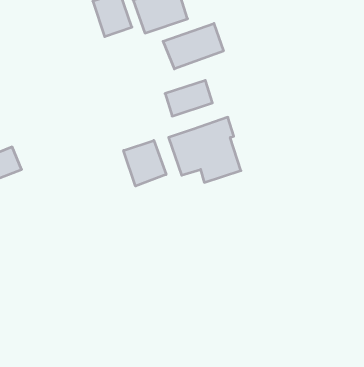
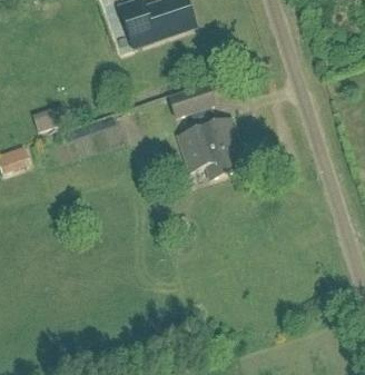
building: [163,23,223,69] -> none
building: [124,140,166,186] -> none

